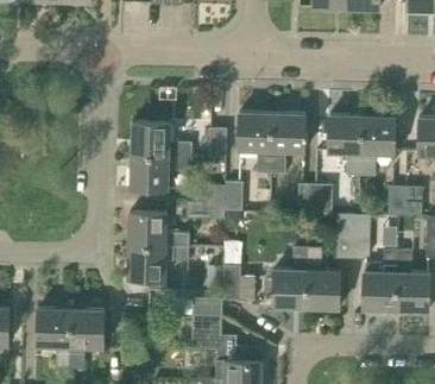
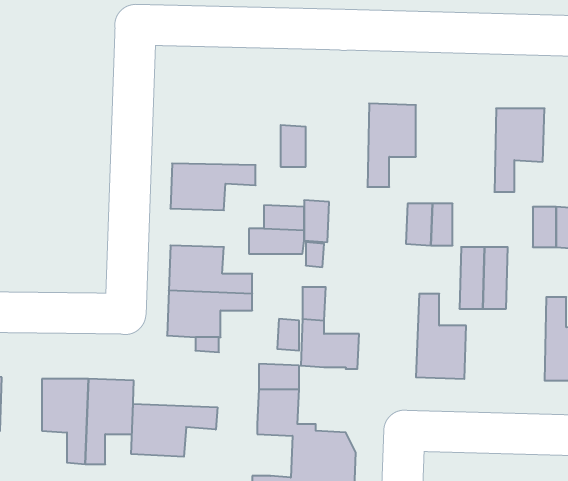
building: [238,113,271,172] -> none
building: [328,115,361,176] -> none
building: [131,122,190,157] -> none
building: [272,248,307,308] -> none
building: [363,250,397,313] -> none
building: none -> [131,404,217,457]

